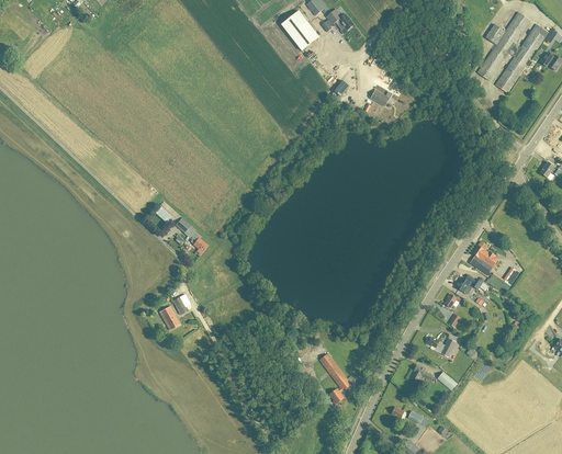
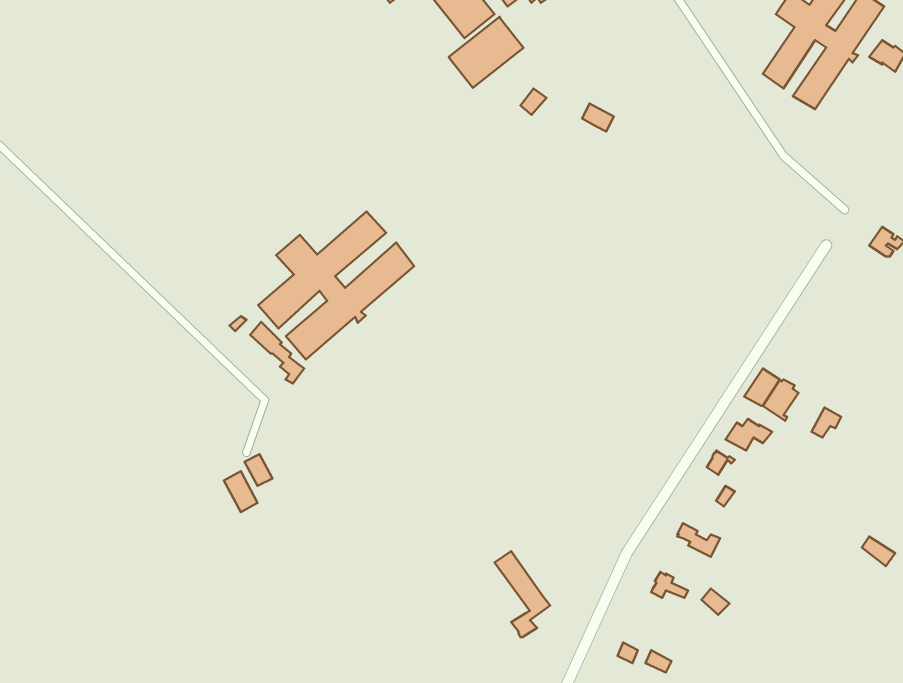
building: none -> [449,17,523,88]
building: none -> [258,212,414,360]

